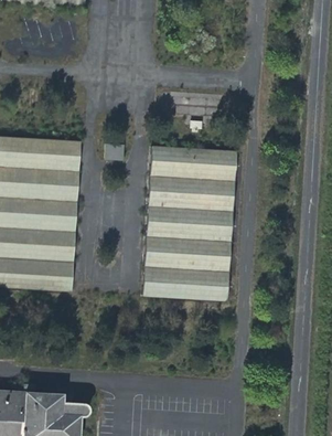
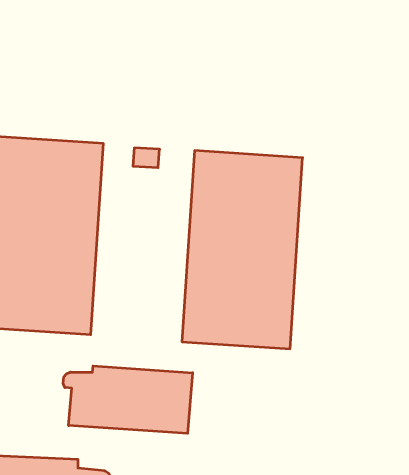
building: none -> [63,366,193,433]

